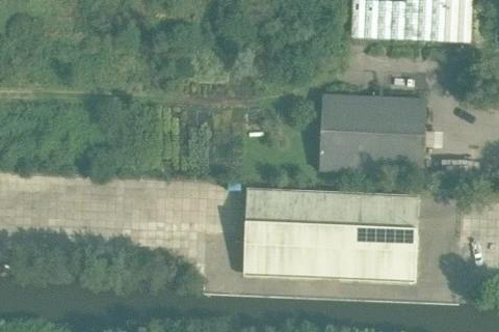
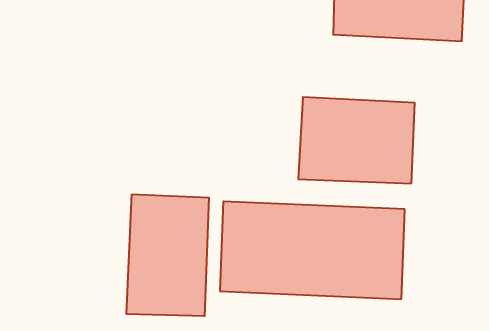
building: none -> [127,194,209,316]

